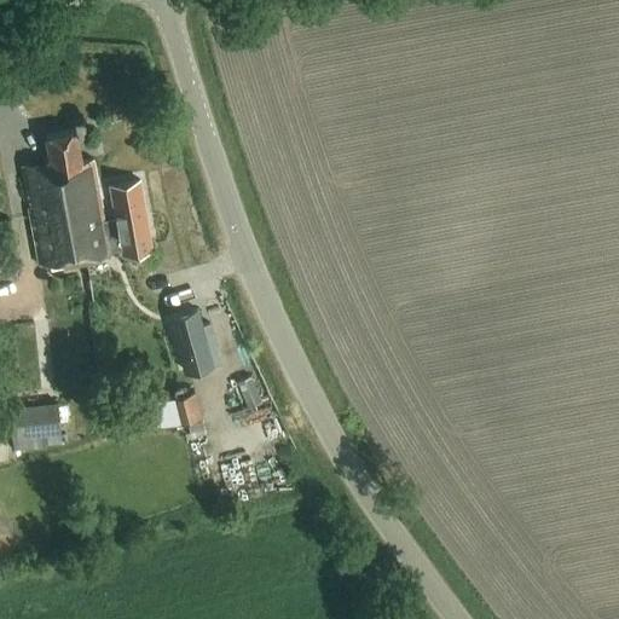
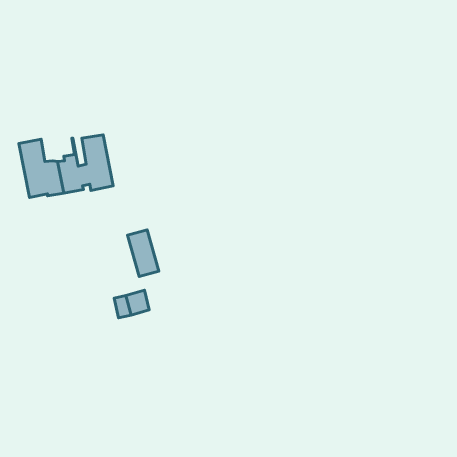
building: [23,133,103,220] -> none
building: [11,405,62,440] -> none

